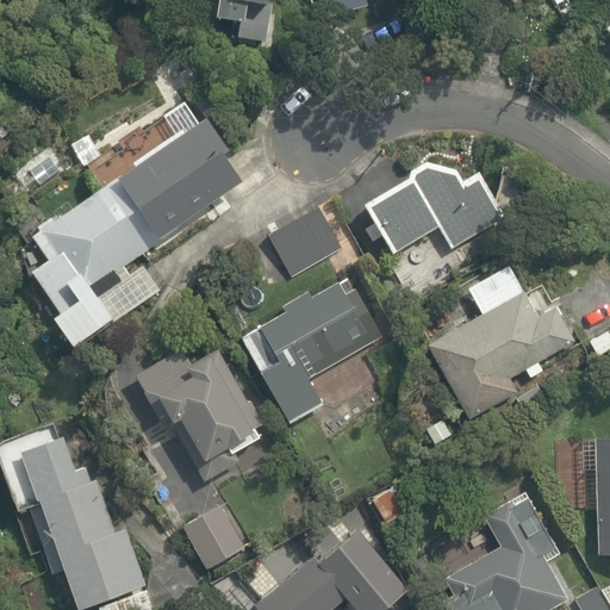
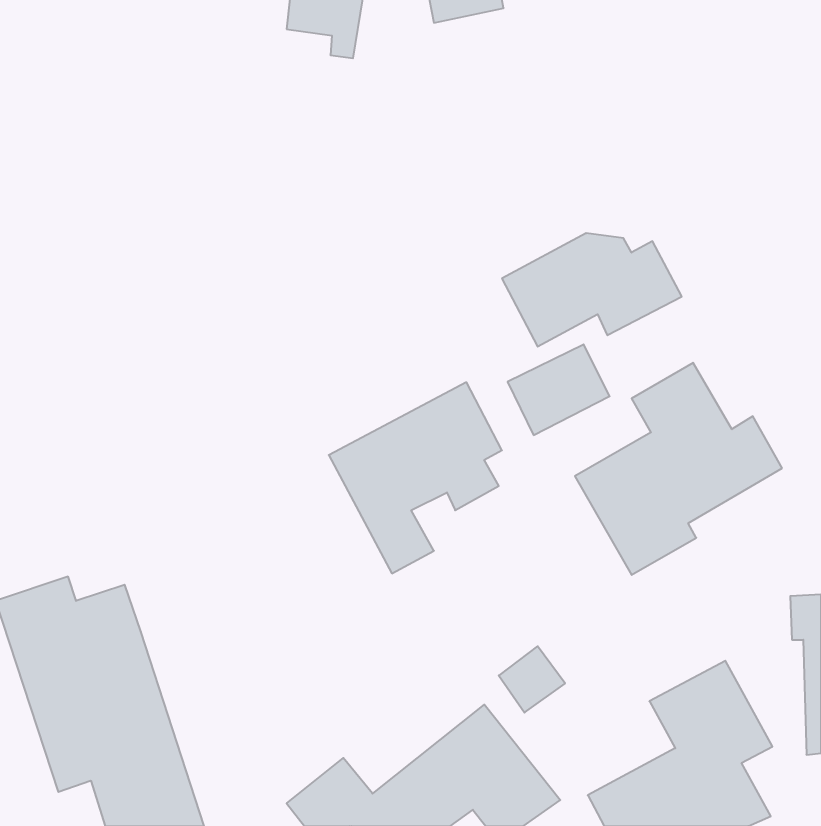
building: [29,125,248,346] -> none
building: [266,210,341,276] -> [508,344,610,435]
building: [135,329,275,484] -> none
building: [178,502,243,569] -> none

